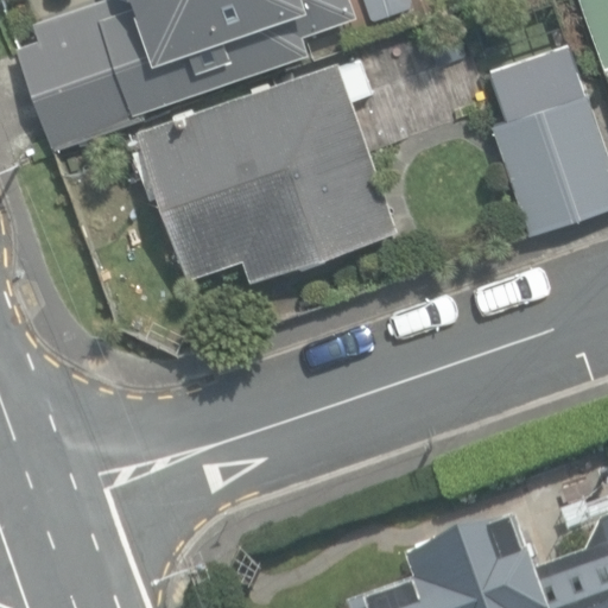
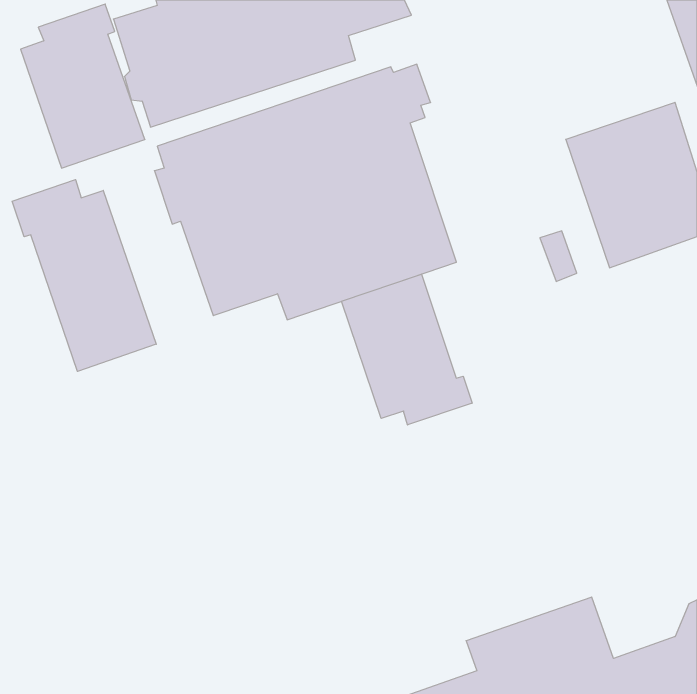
building: none -> [12,180,156,371]
building: none -> [342,274,472,425]

